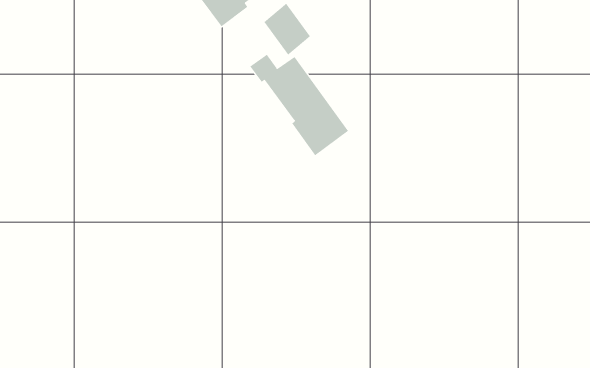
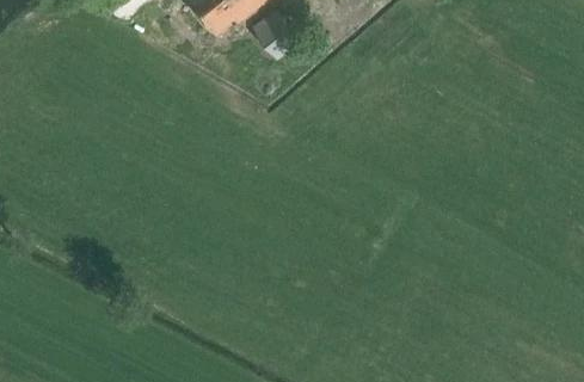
building: [249,54,349,156] -> none

